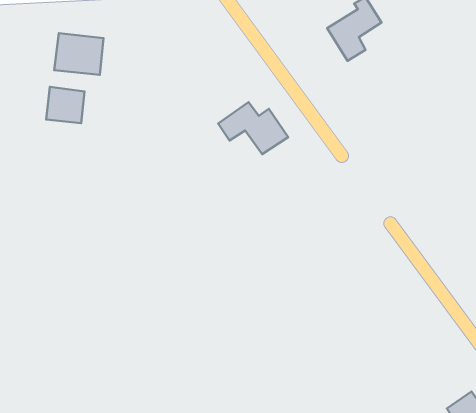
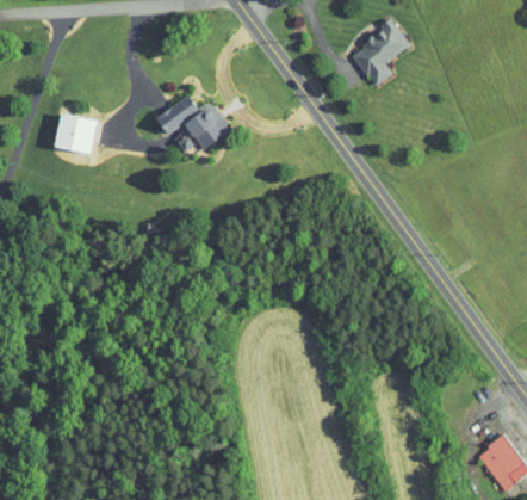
building: [54,33,104,75] -> none
building: [218,102,288,154] -> [155,93,229,148]

